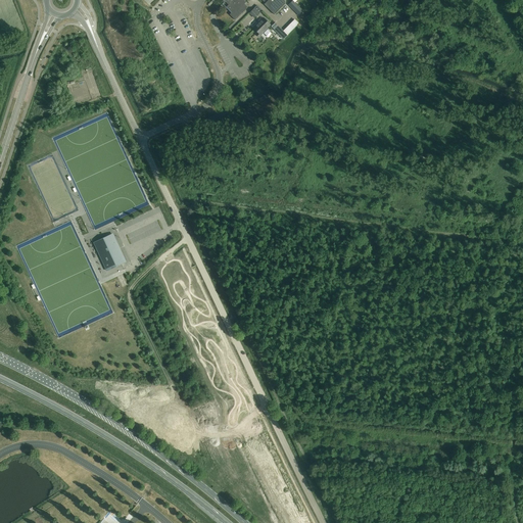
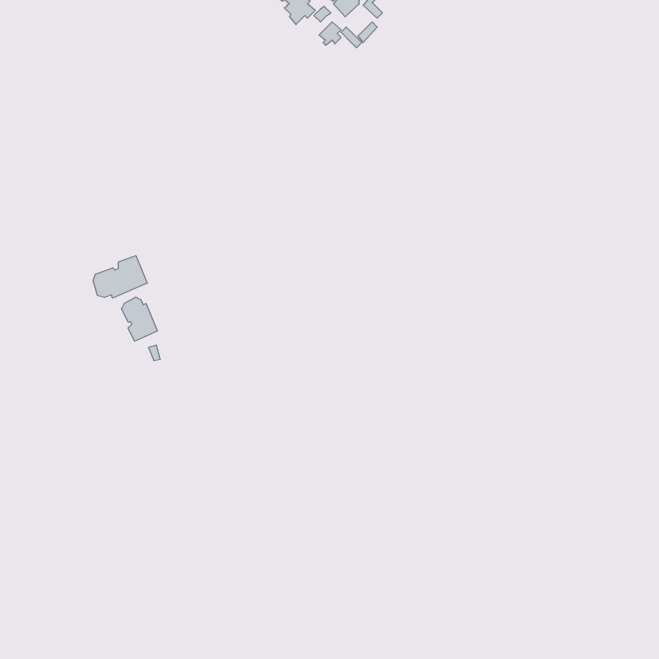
building: none -> [93,256,147,298]

